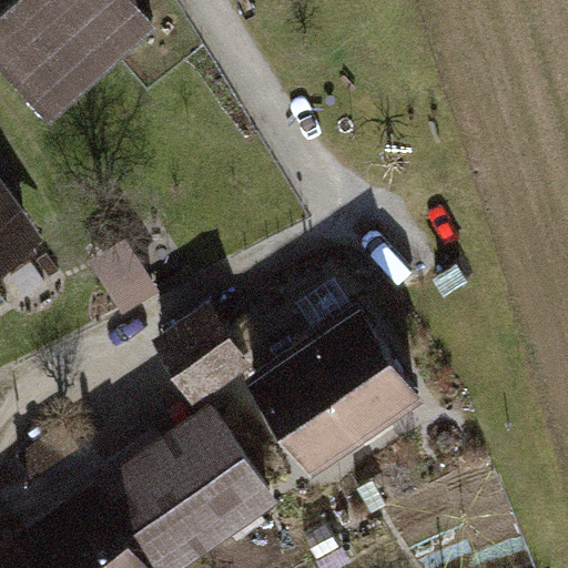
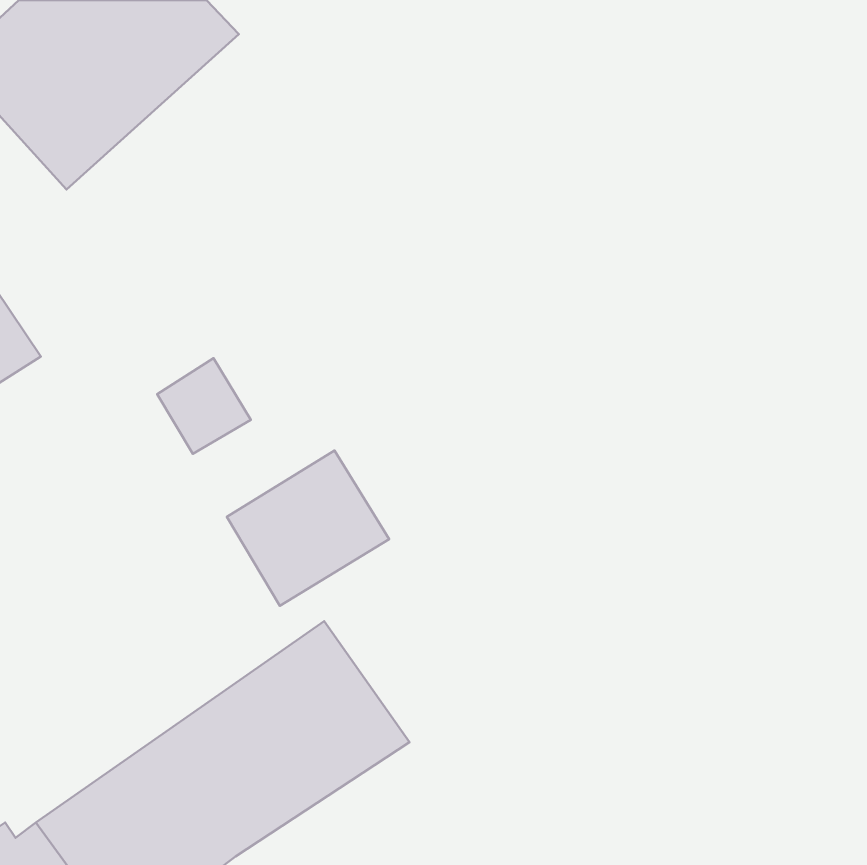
building: [253,304,434,481] -> none

